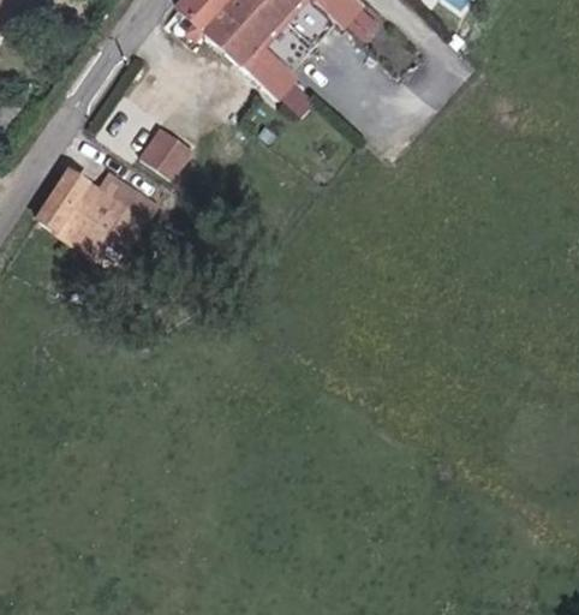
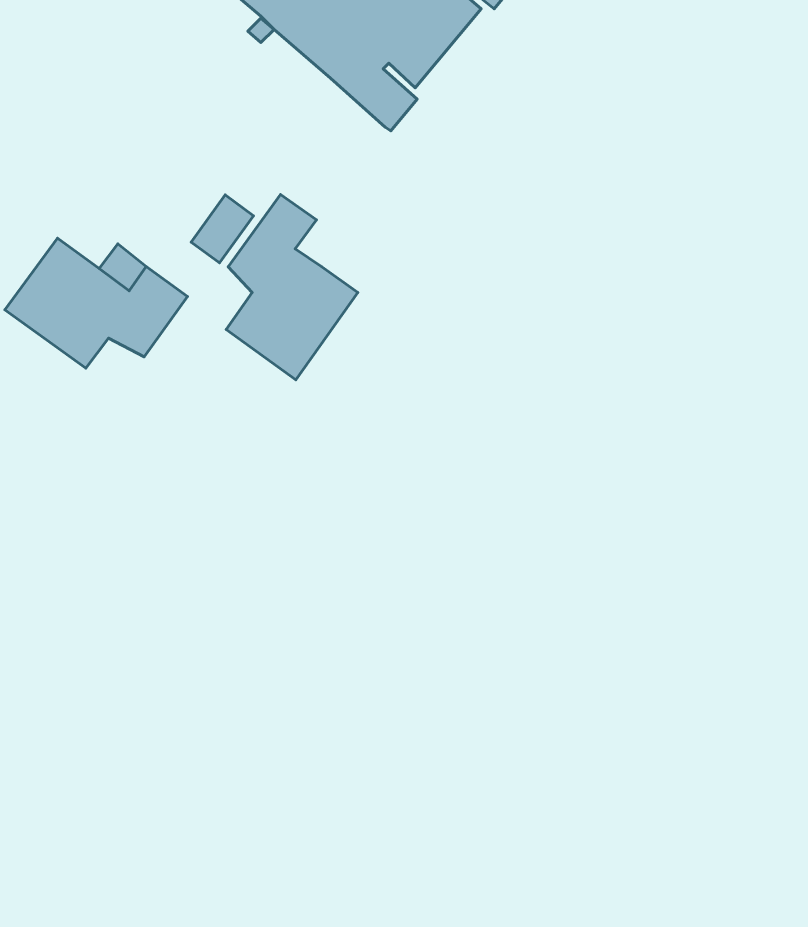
building: none -> [226,194,358,380]

